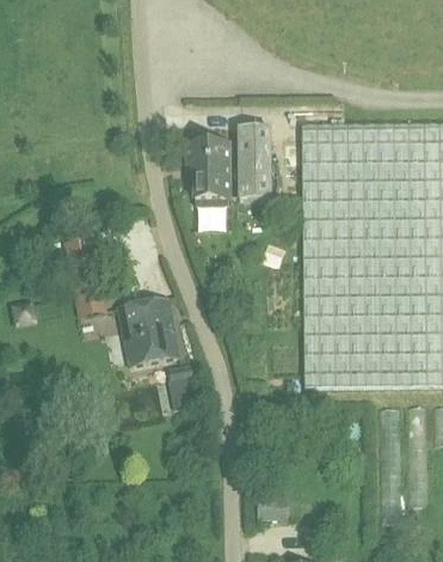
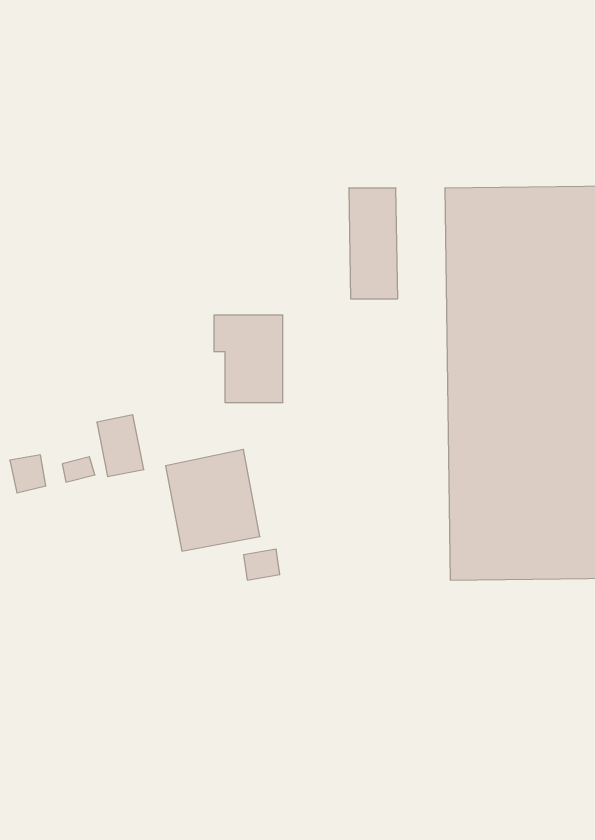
building: [186,142,232,200] -> [214,315,283,402]
building: [256,495,287,520] -> none

